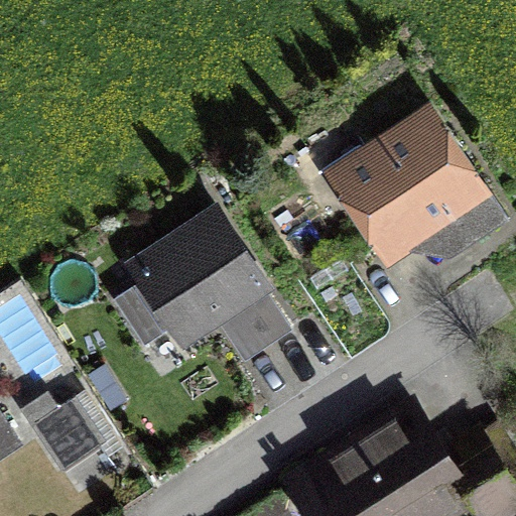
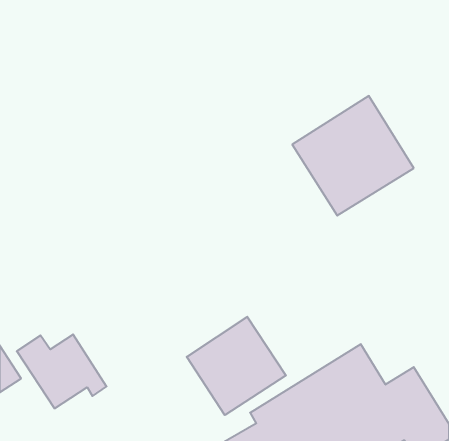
building: [112,204,292,367] -> none
building: none -> [187,317,286,415]

